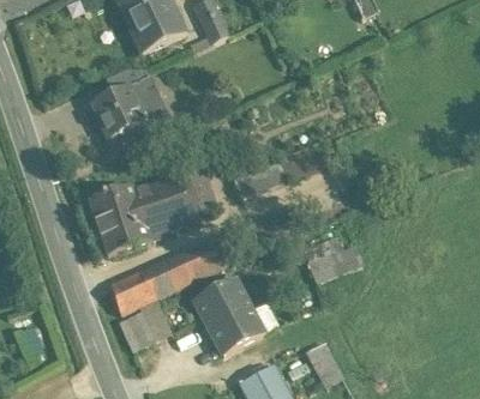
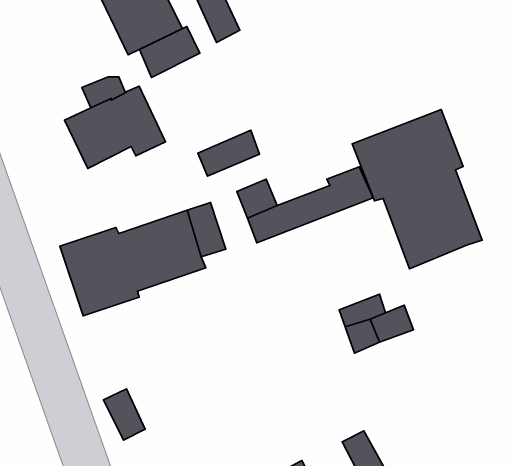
building: none -> [139,26,200,77]
building: none -> [352,109,482,269]
building: none -> [198,130,259,176]
building: [112,238,226,314] -> none
building: [196,279,264,355] -> none

